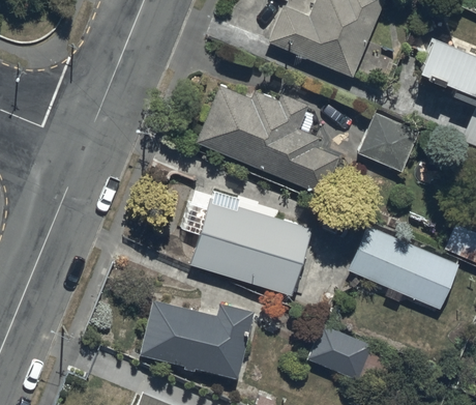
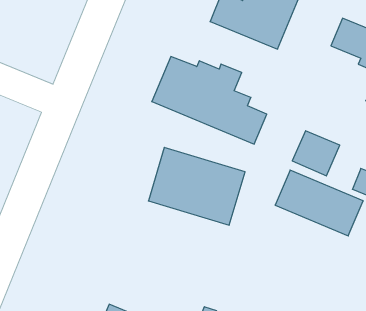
building: [358,115,417,171] -> [292,131,340,176]
building: [140,300,254,379] -> none
building: [307,325,373,380] -> none

